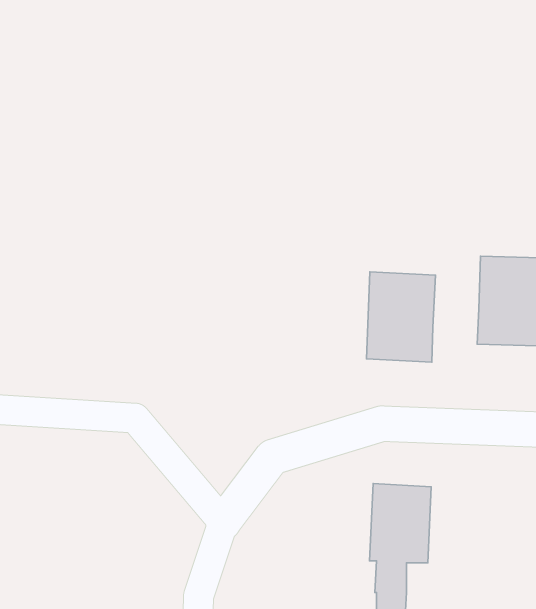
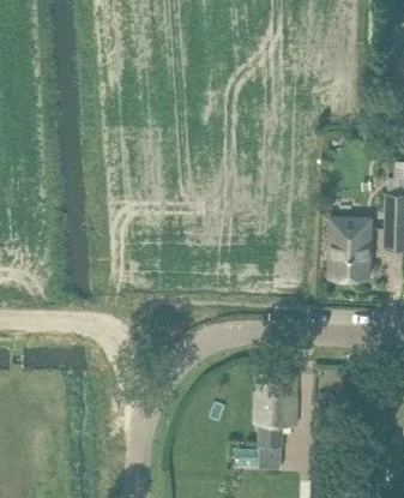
building: [366,272,435,362] -> none

